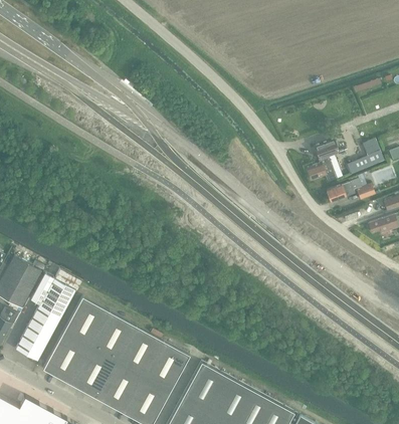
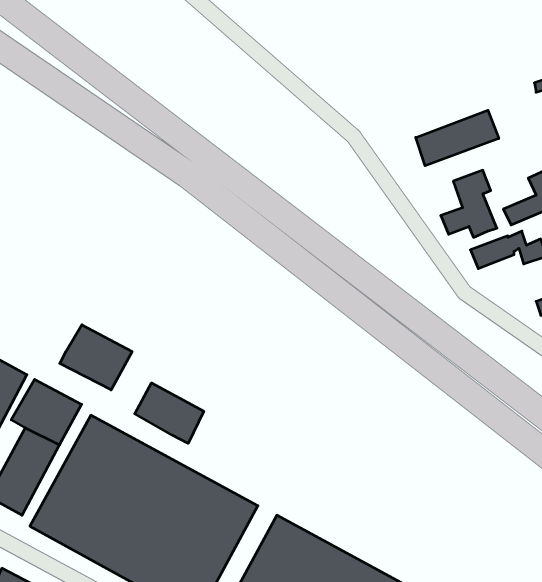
building: none -> [416,110,499,166]
building: none -> [60,325,132,390]
building: none -> [135,383,204,443]

